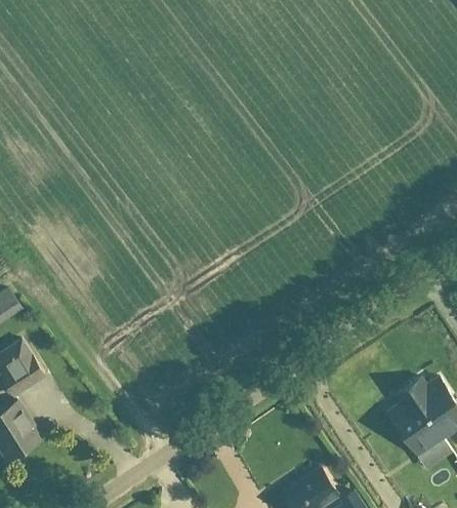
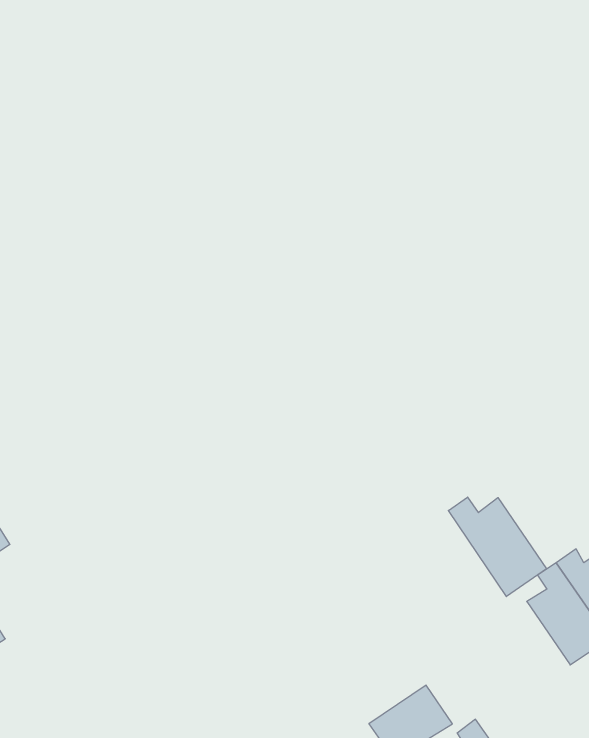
building: none -> [448,497,547,597]

